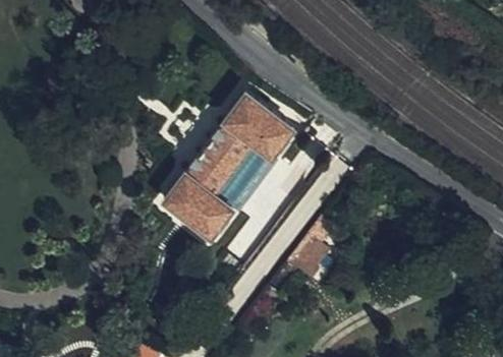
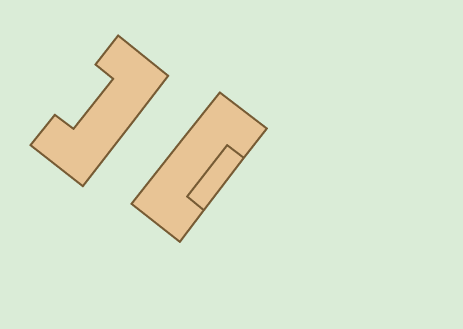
building: none -> [31,35,168,186]

